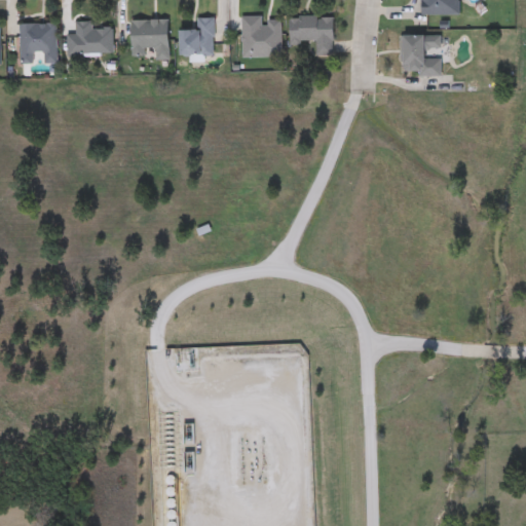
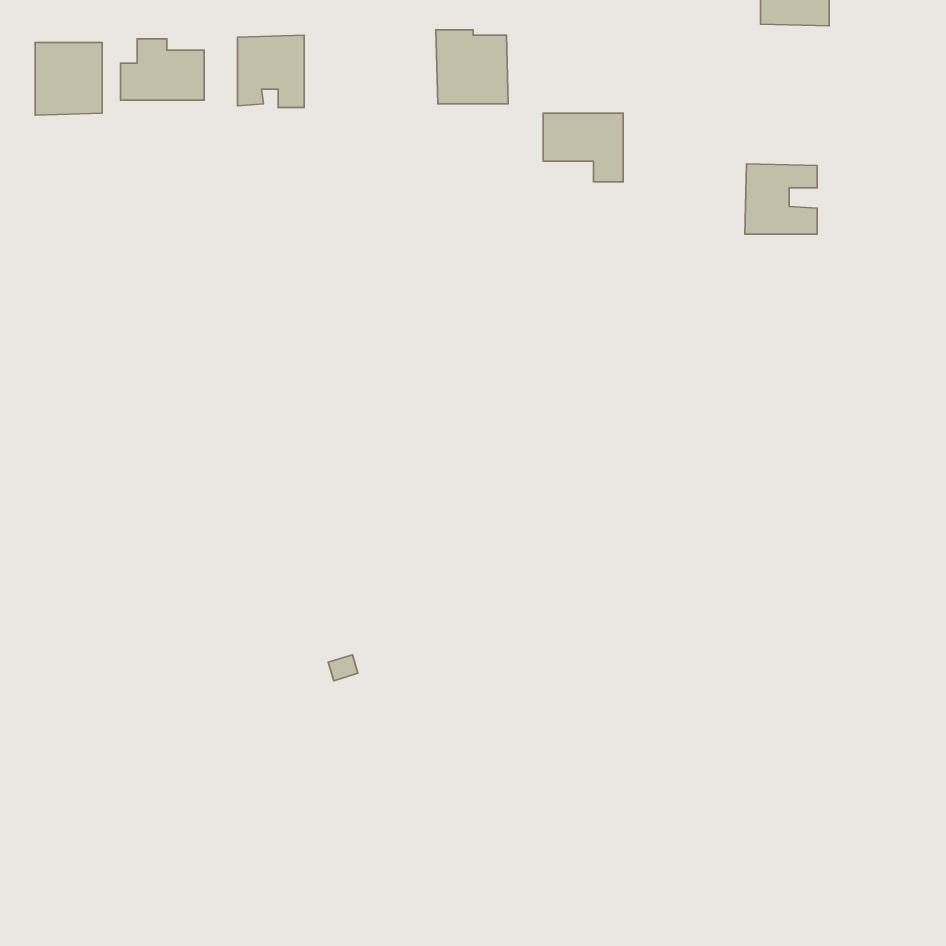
building: [289,16,333,54] -> [543,113,623,182]
building: [180,17,214,55] -> none
building: [401,34,441,73] -> [745,164,817,234]

